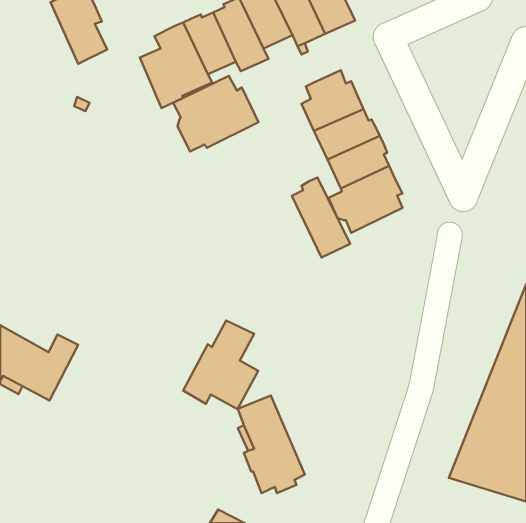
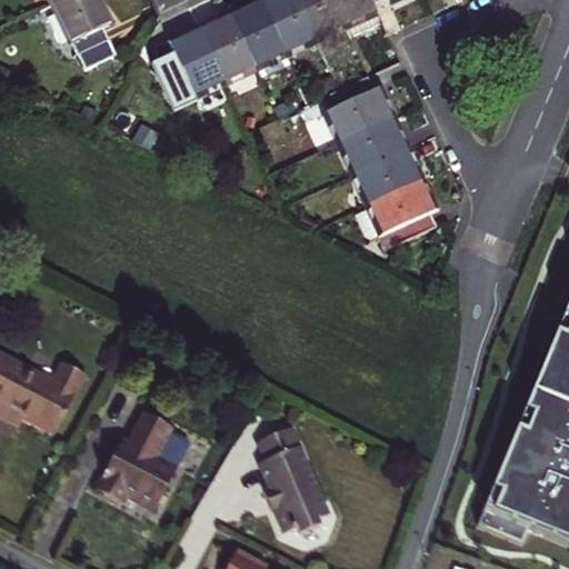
building: [173,76,259,152] -> none
building: [292,178,350,257] -> none
building: [183,320,258,409] -> [96,411,177,507]

